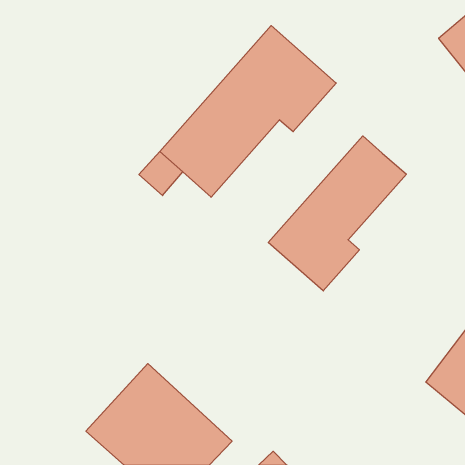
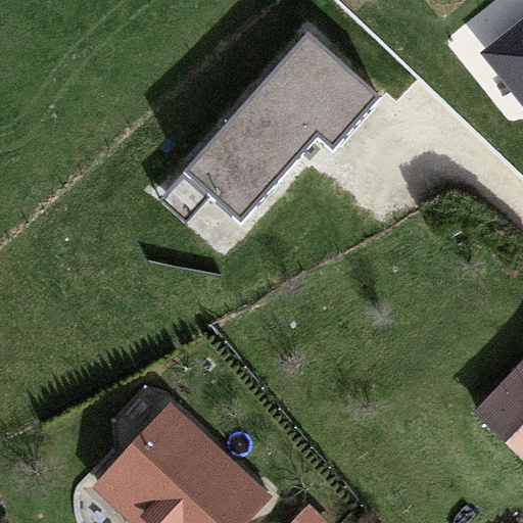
building: [268,136,406,291] -> none

